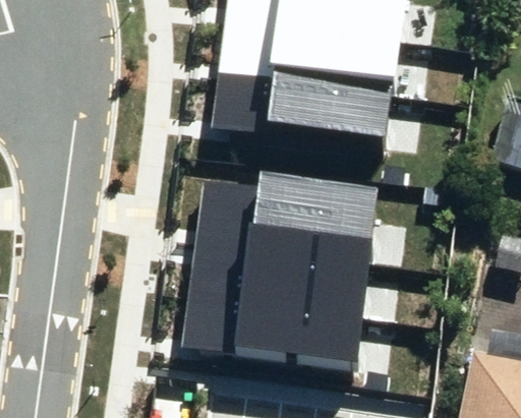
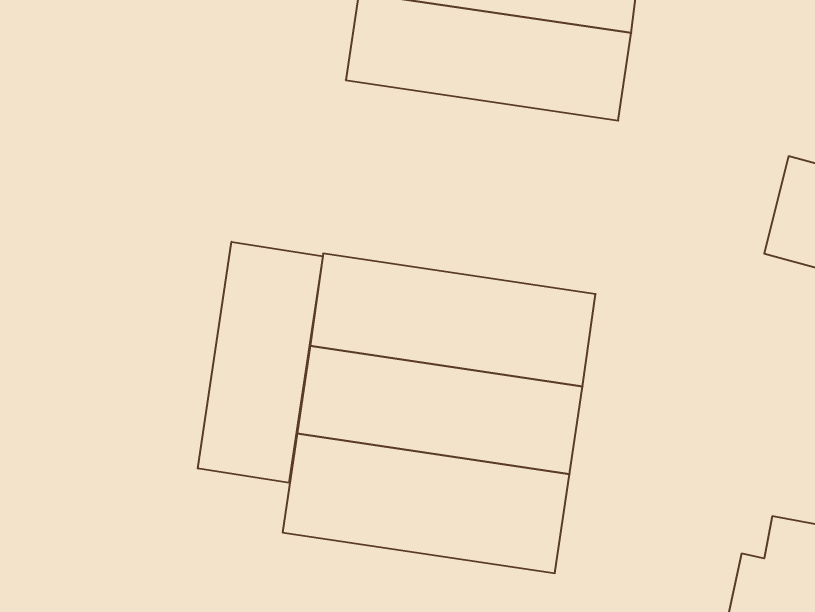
building: [215,55,395,142] -> none
building: none -> [198,242,323,483]

